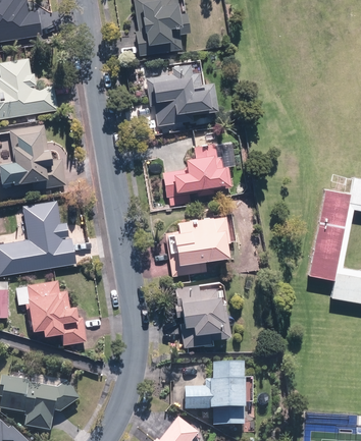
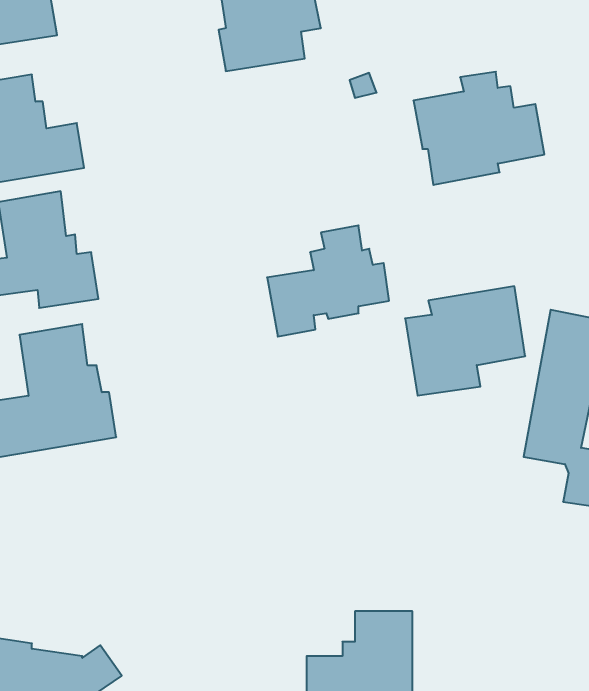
building: [145,62,219,126] -> [413,72,544,185]
building: [164,214,233,276] -> [405,286,525,396]
building: [25,280,86,343] -> none
building: [174,283,233,347] -> none

